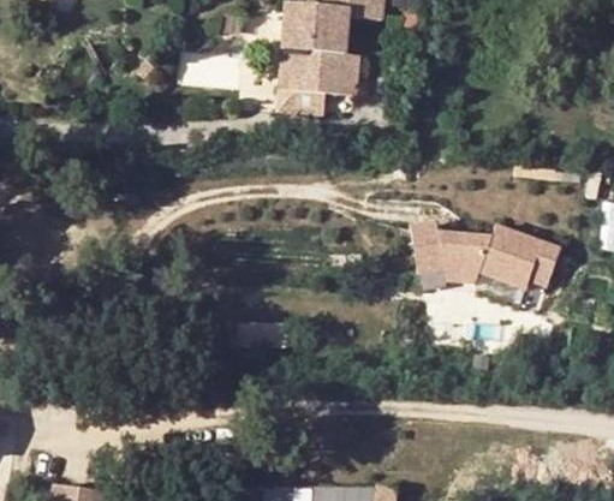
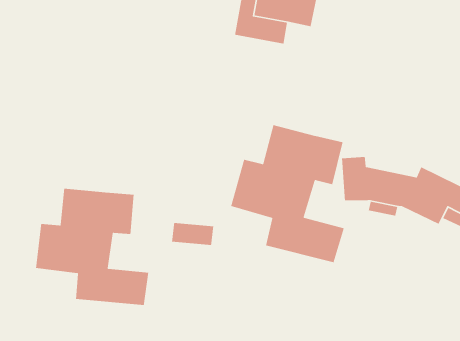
building: none -> [230,124,345,263]
building: none -> [35,188,149,306]

